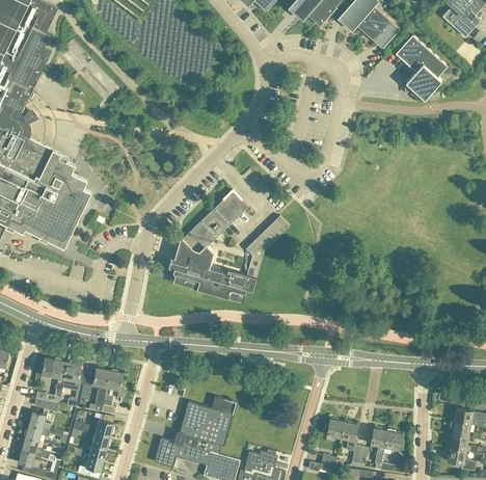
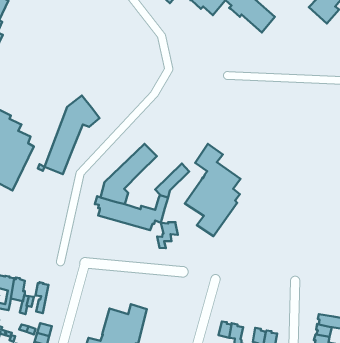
building: [395,34,448,100] -> none
building: none -> [44,95,100,174]
building: none -> [185,144,241,236]
building: none -> [157,222,178,248]
building: [101,370,124,414] -> none

